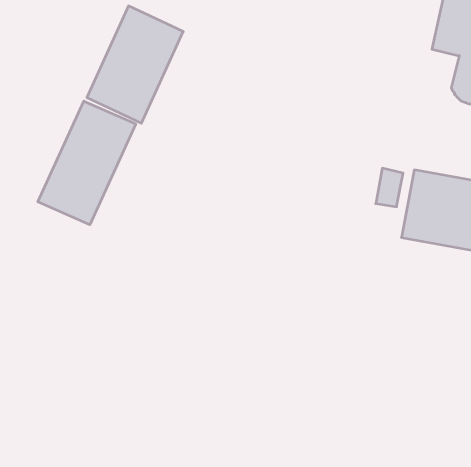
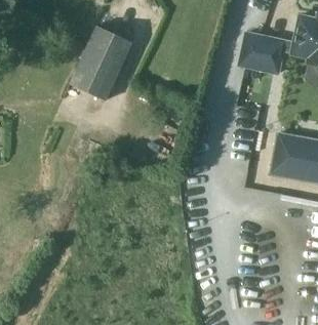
building: none -> [238,33,284,74]
building: [38,101,136,225] -> none

